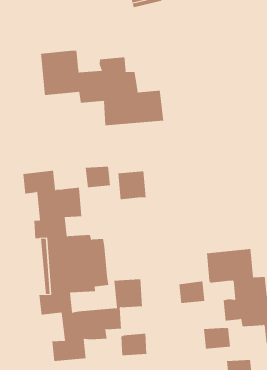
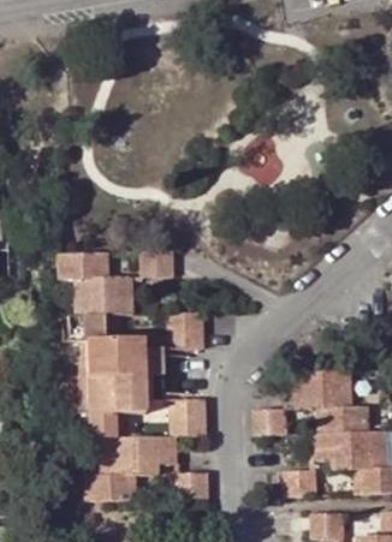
building: [40,50,164,126] -> none
building: [117,171,147,200] -> [170,312,206,349]

